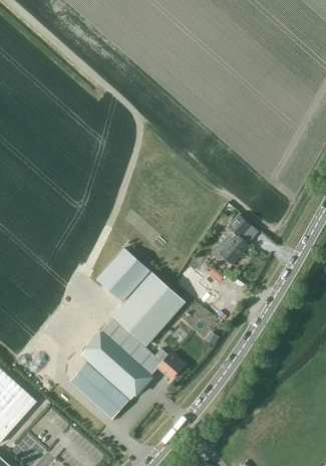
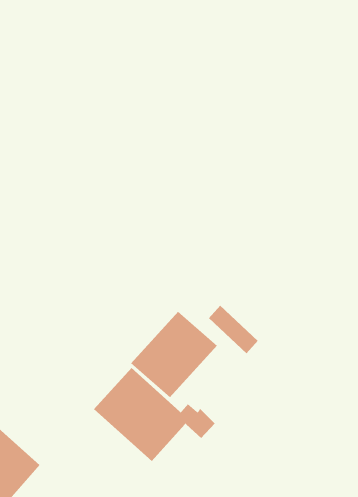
building: [215,217,251,264] -> none
building: [96,248,150,302] -> none
building: [69,362,129,419] -> none

